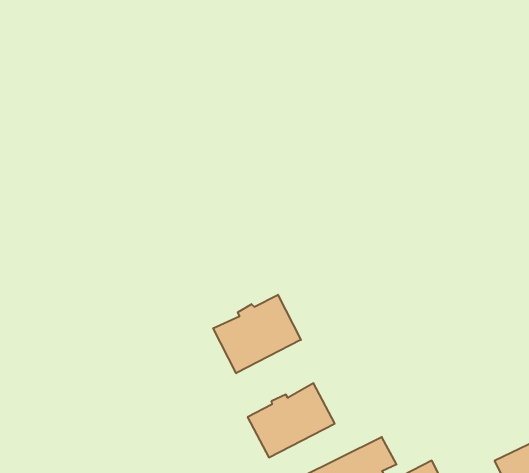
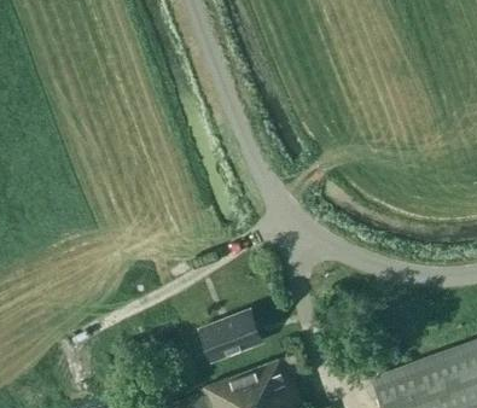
building: [213,295,301,373] -> none

